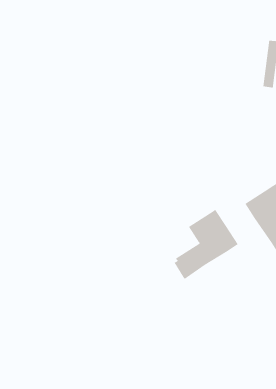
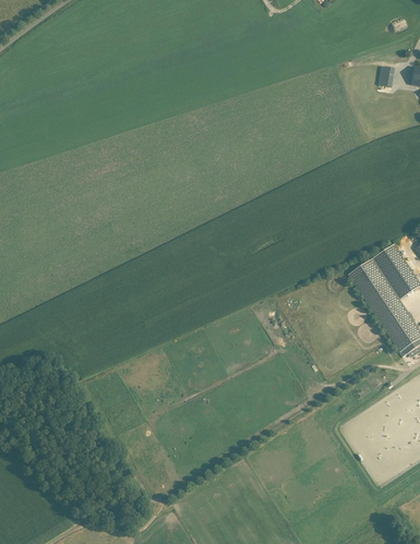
building: [174,209,239,280] -> none

